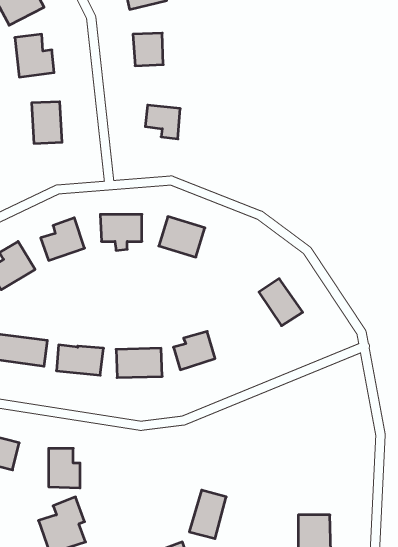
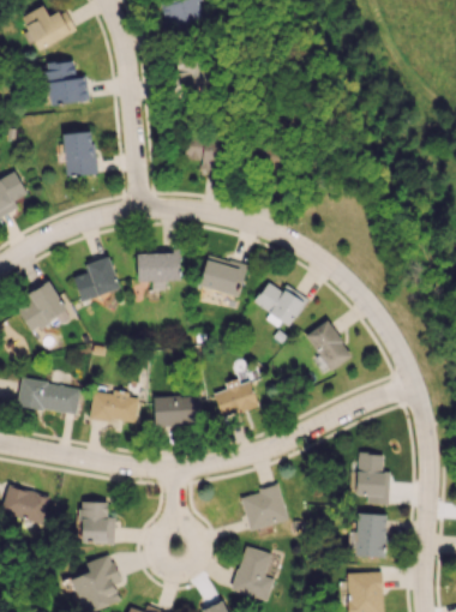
building: none -> [256,282,307,329]
building: none -> [356,454,390,504]
building: none -> [240,486,289,530]
building: none -> [348,514,388,556]

